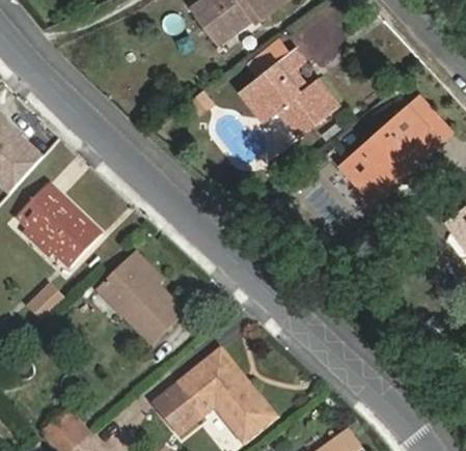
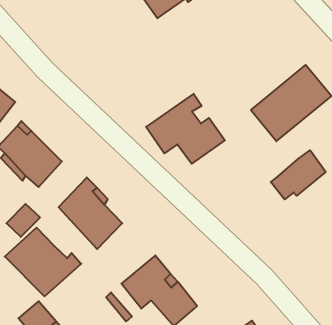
building: [241,45,342,135] -> [146,94,225,164]
building: none -> [271,150,326,199]
building: none -> [5,228,81,296]

